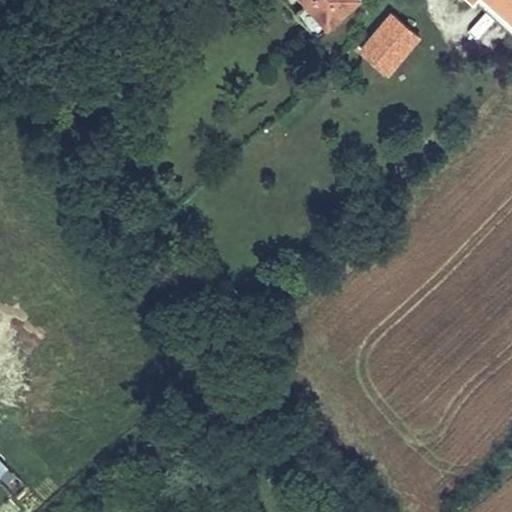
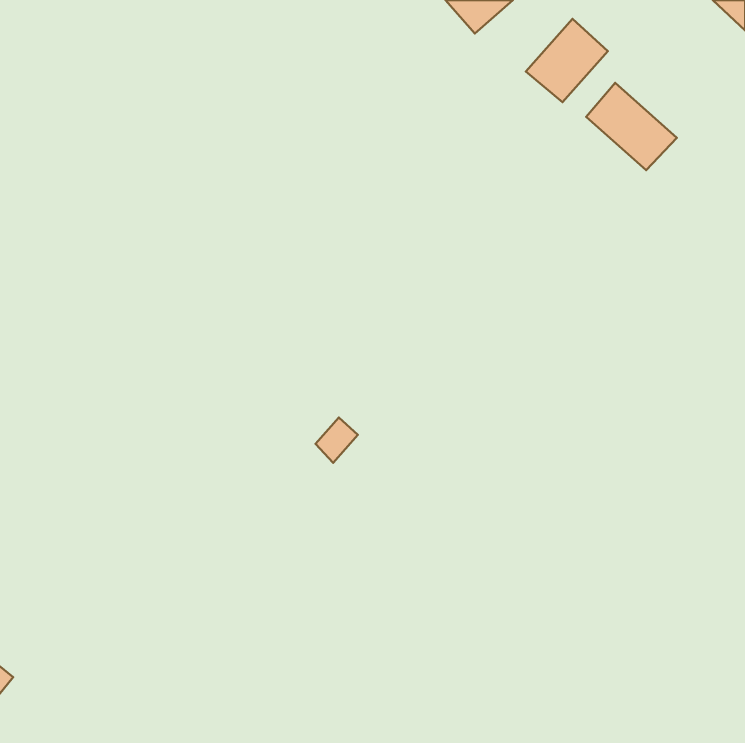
building: none -> [586,83,677,170]

